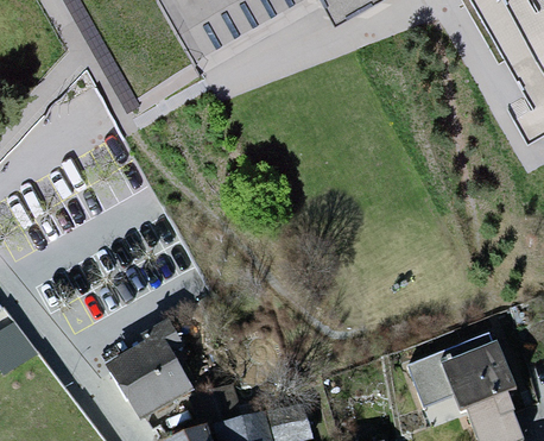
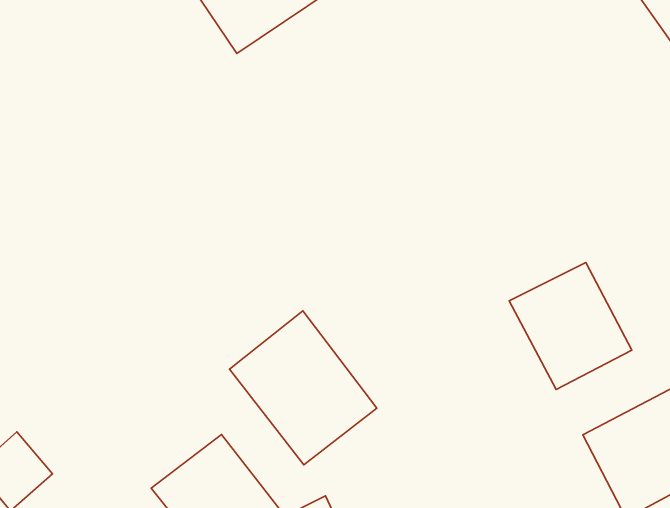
building: none -> [509,263,632,390]
building: none -> [229,311,377,465]

